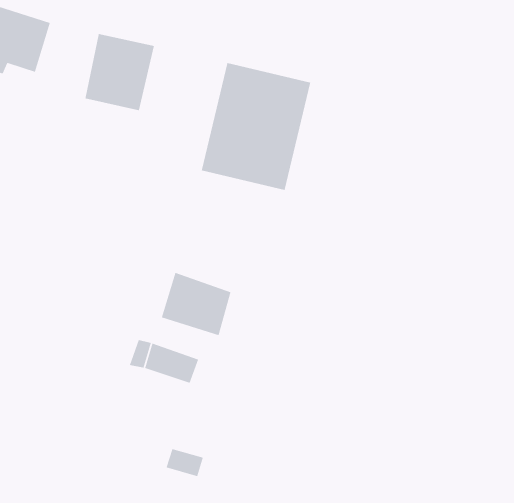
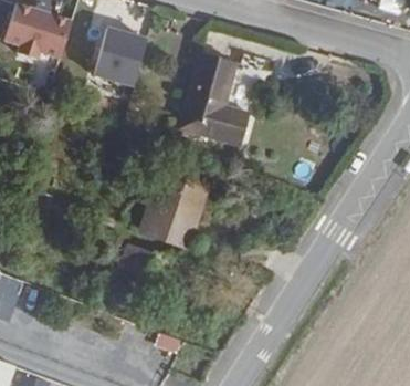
building: none -> [158,174,208,216]

